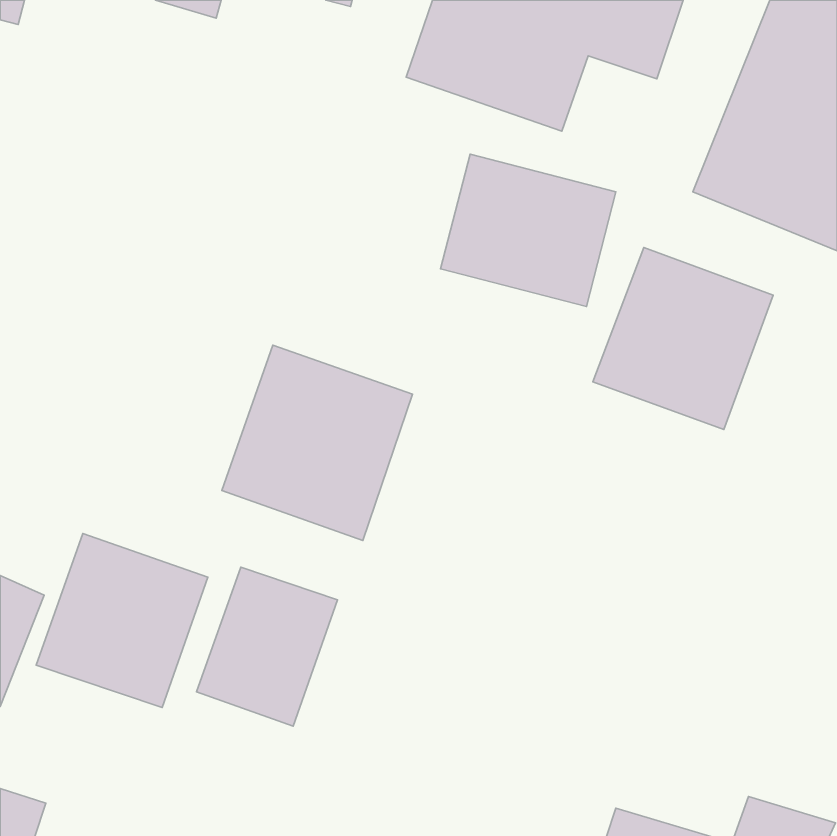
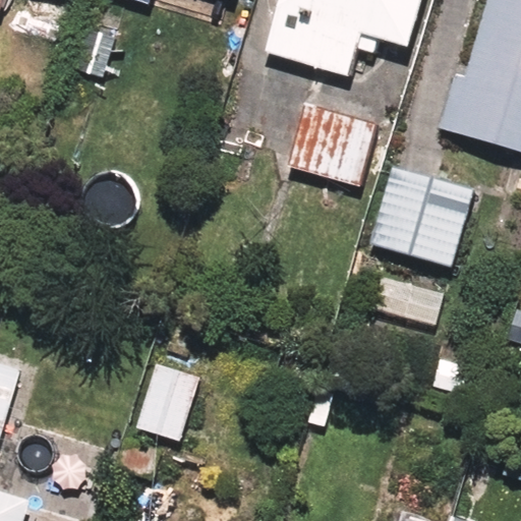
building: [222,345,412,540] -> none
building: [36,533,208,708] -> none

